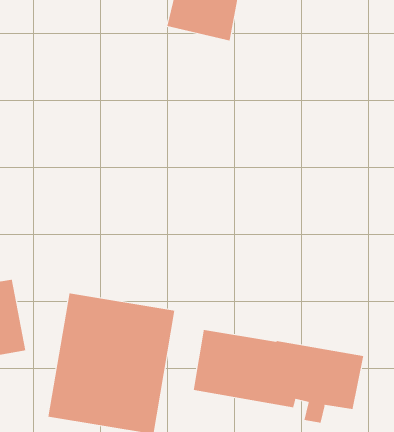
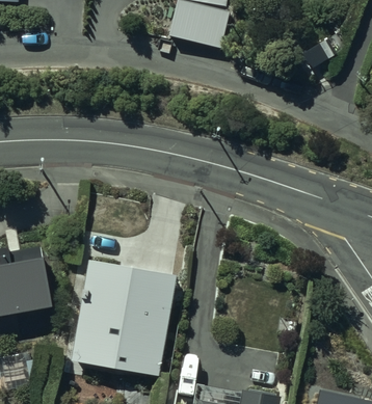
building: [193,329,364,424] -> none

